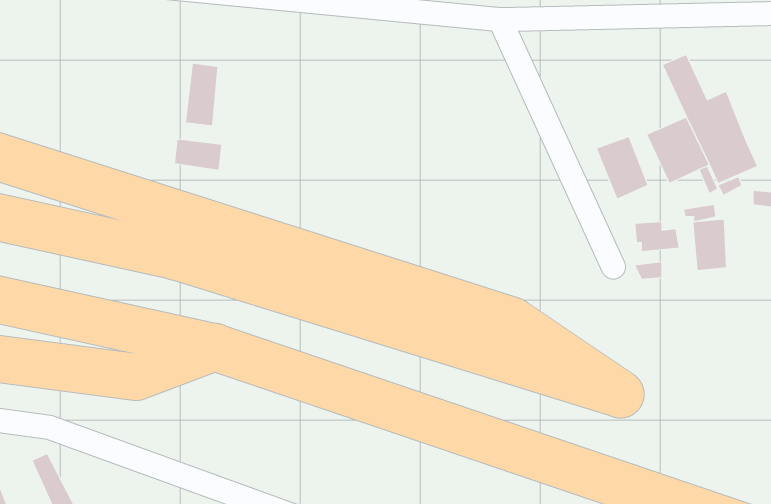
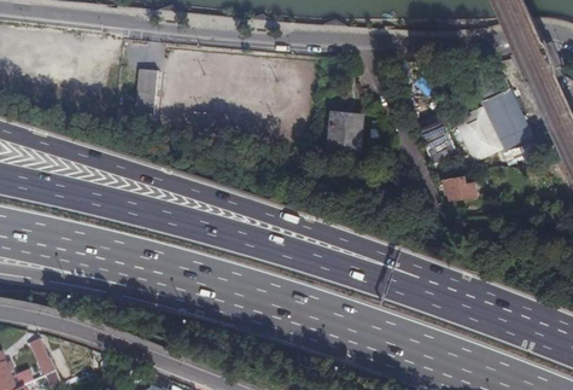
building: none -> [329,110,362,144]
building: [175,139,222,171] -> none
building: [693,219,727,271] -> none

